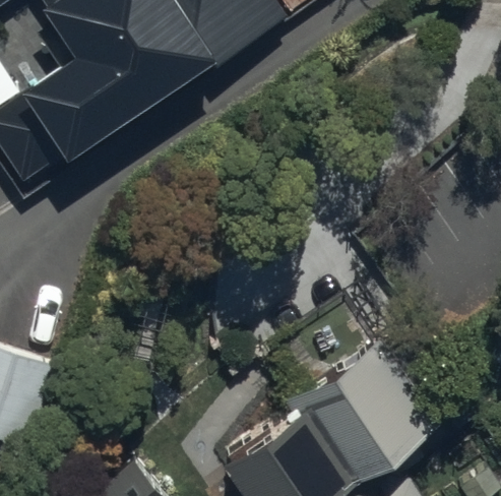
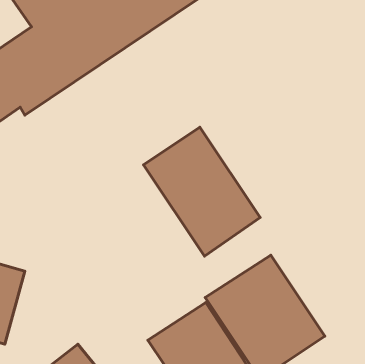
building: none -> [144,127,260,256]

